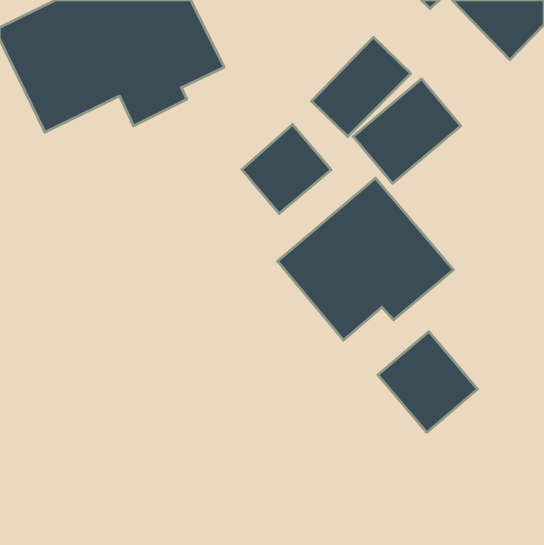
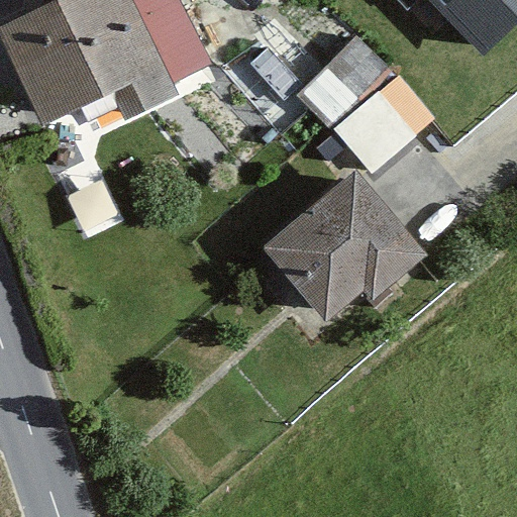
building: [242,124,331,214] -> none
building: [378,332,478,432] -> none

